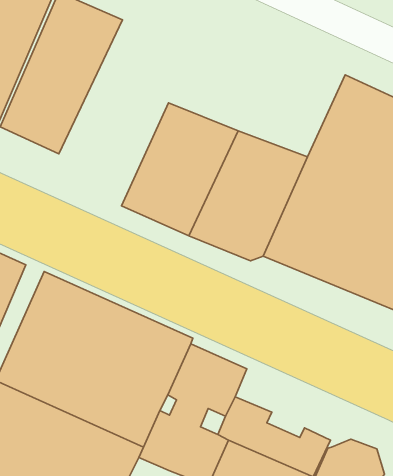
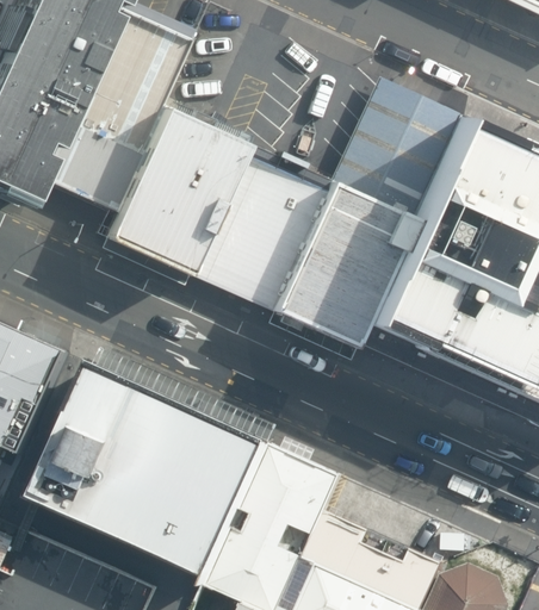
building: none -> [328,74,460,213]
building: none -> [95,108,242,274]

